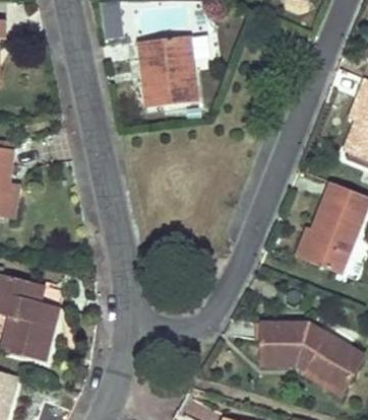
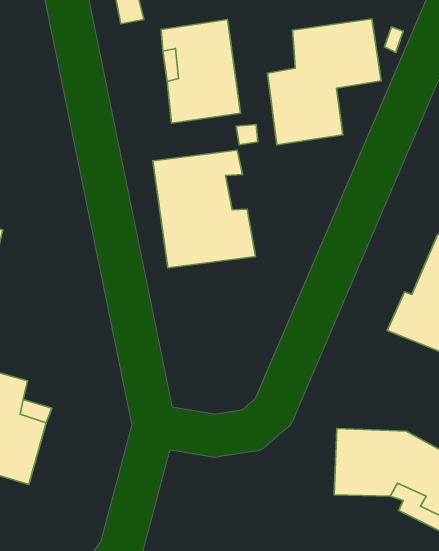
building: none -> [268,19,381,145]
building: none -> [153,150,255,268]

